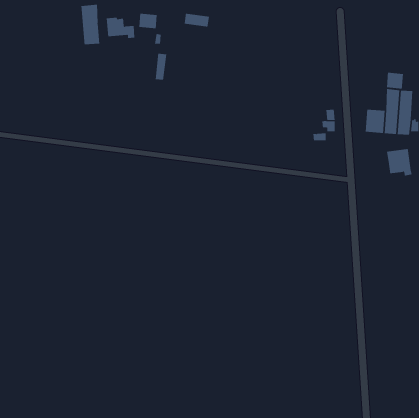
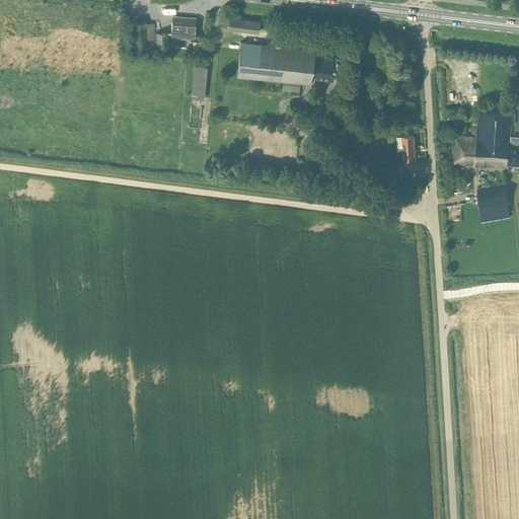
building: [81,4,100,45] -> none
building: none -> [236,43,336,97]
building: [386,72,403,89] -> none

